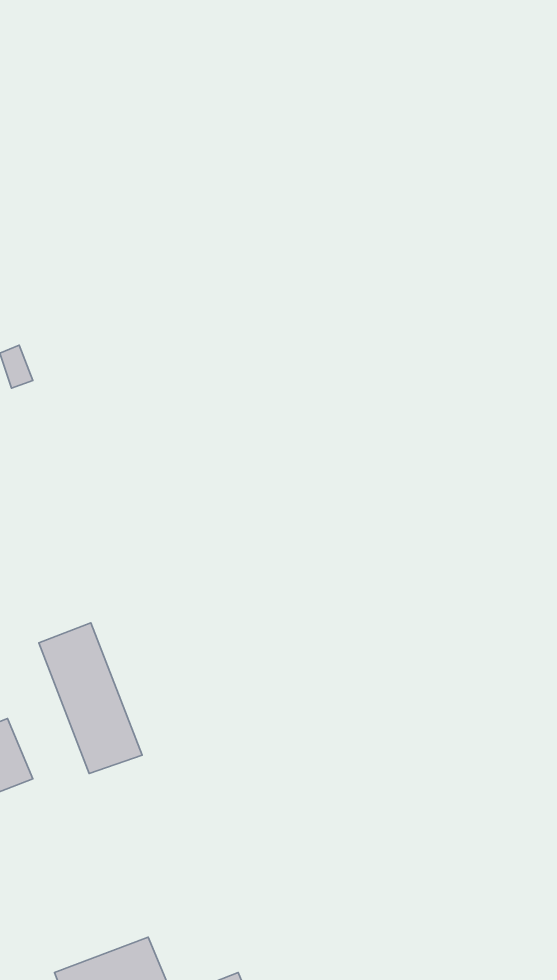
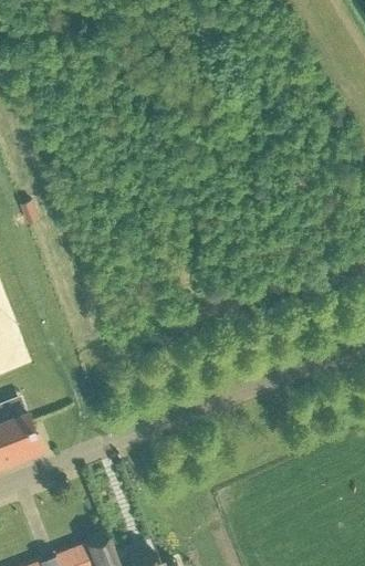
building: [39,623,142,773] -> none

